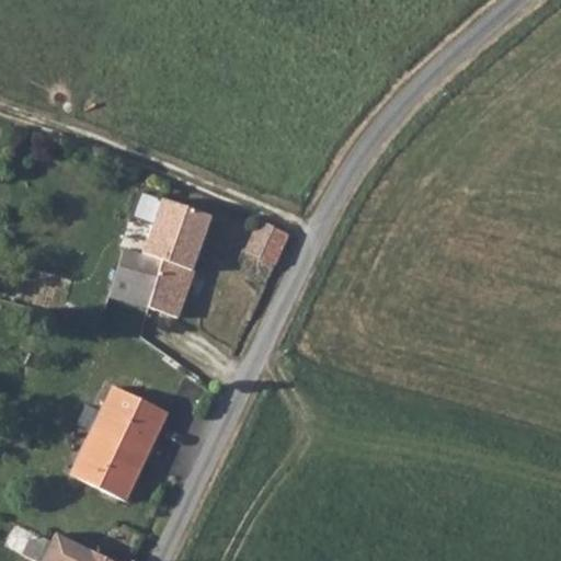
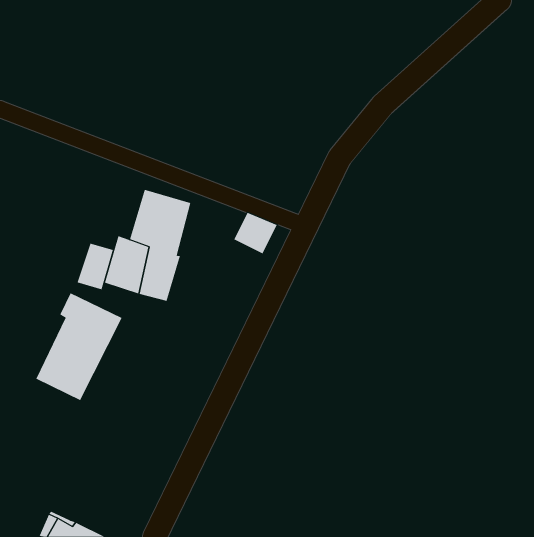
building: none -> [77,243,114,290]
building: [79,388,170,501] -> [35,292,123,401]

